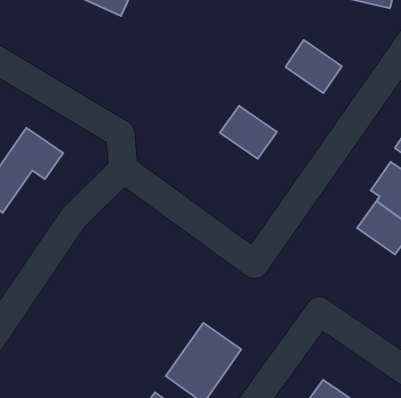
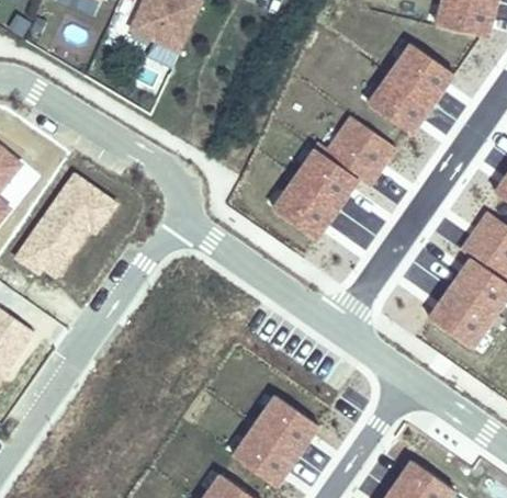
building: none -> [388,44,453,104]
building: none -> [315,116,395,186]
building: none -> [272,180,336,240]
building: none -> [428,288,492,349]

